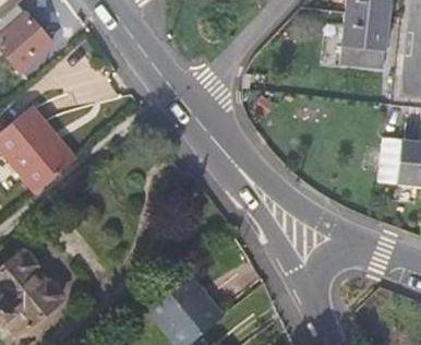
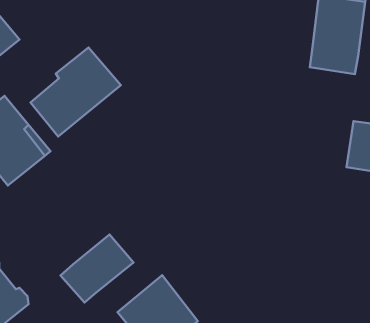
building: none -> [30,47,121,136]
building: none -> [61,234,133,303]

